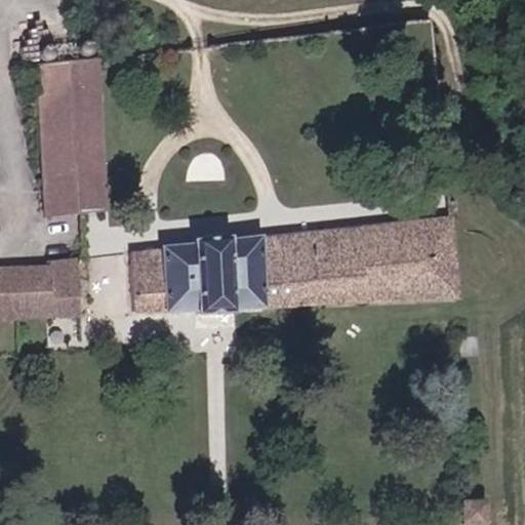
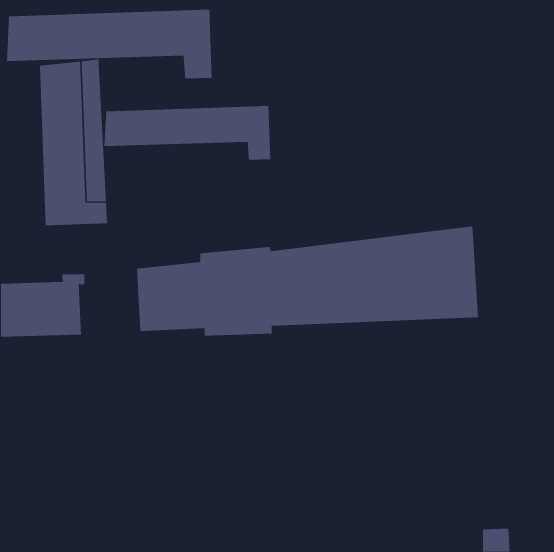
building: none -> [6,9,212,79]
building: none -> [104,105,271,160]

